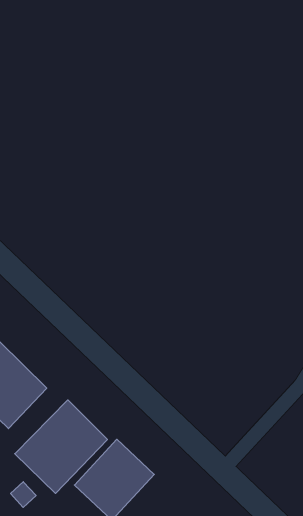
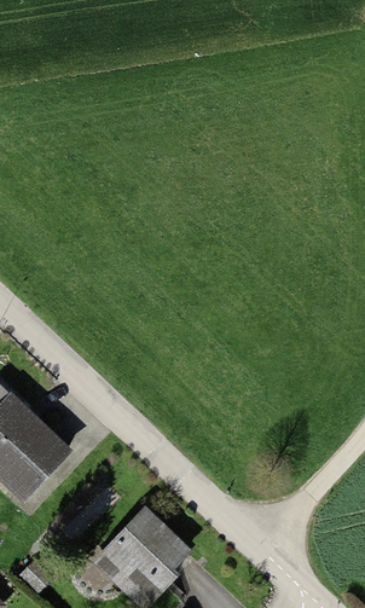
building: [15,400,107,493] -> none

